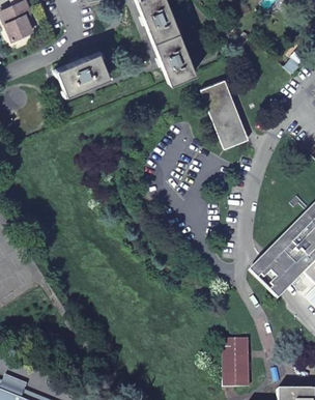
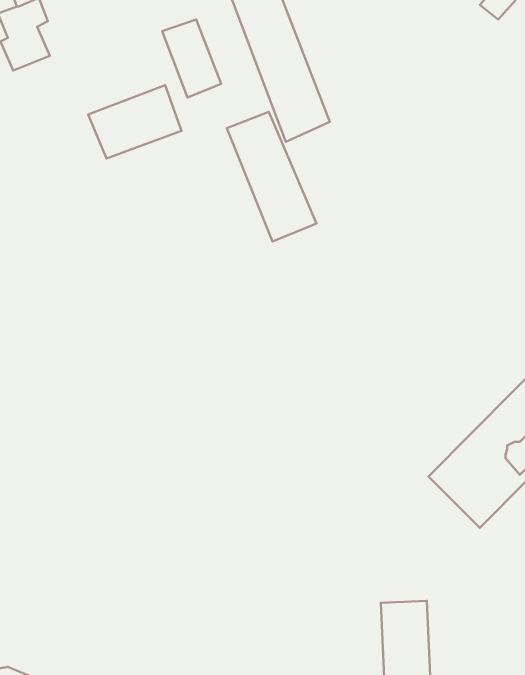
building: none -> [162,20,221,98]
building: [198,77,249,150] -> [227,112,317,242]

